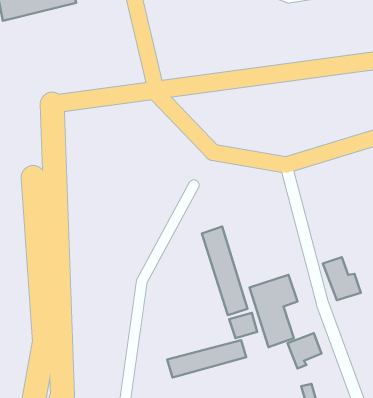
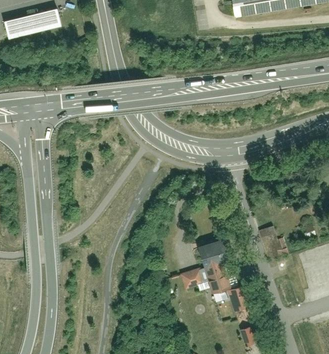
building: [202,226,247,315] -> none
building: [167,340,246,378] -> none

